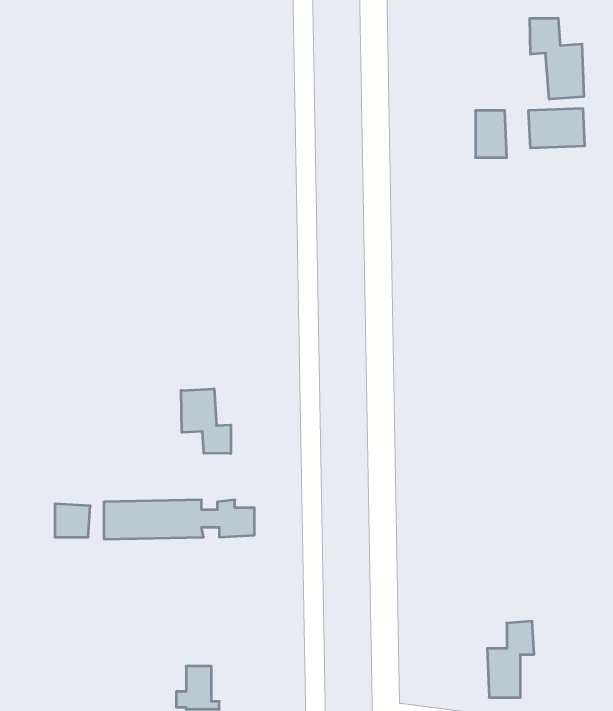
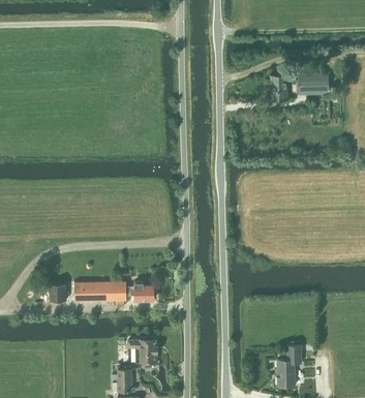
building: [530,18,584,99] -> none
building: [181,389,231,454] -> none
building: none -> [128,339,158,366]

